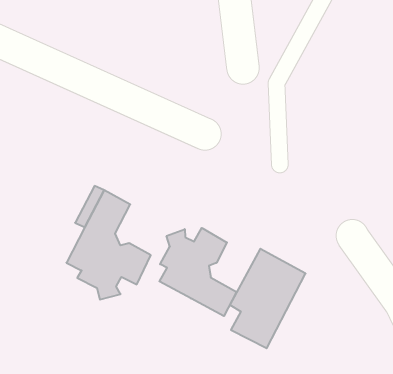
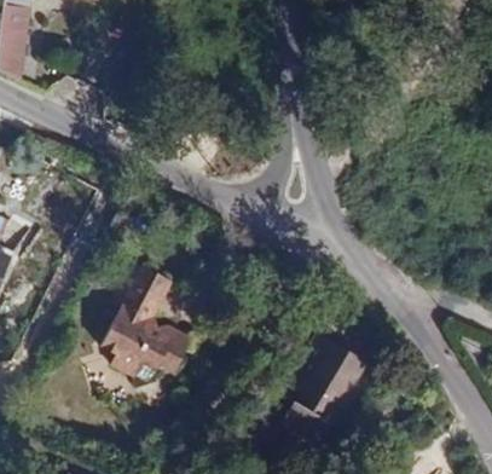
building: [159,228,237,316] -> none

